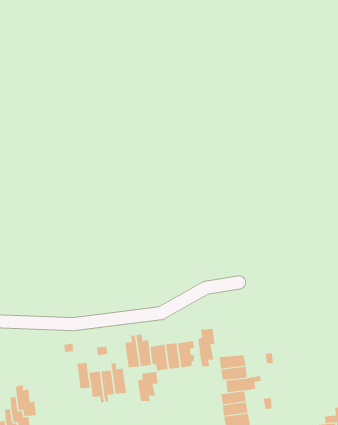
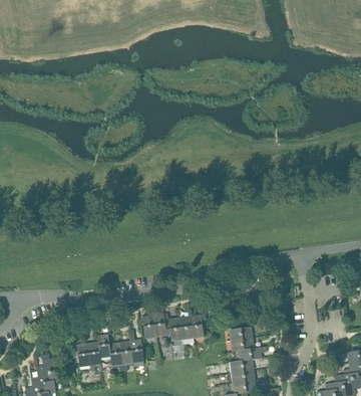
building: [198,328,215,367] -> none
building: none -> [73,341,101,367]
building: [138,371,158,402] -> none

